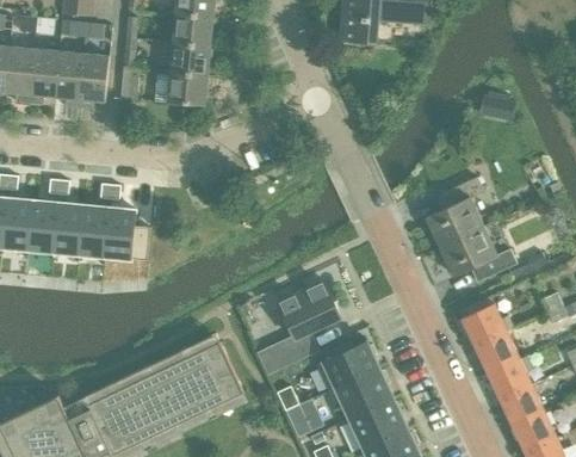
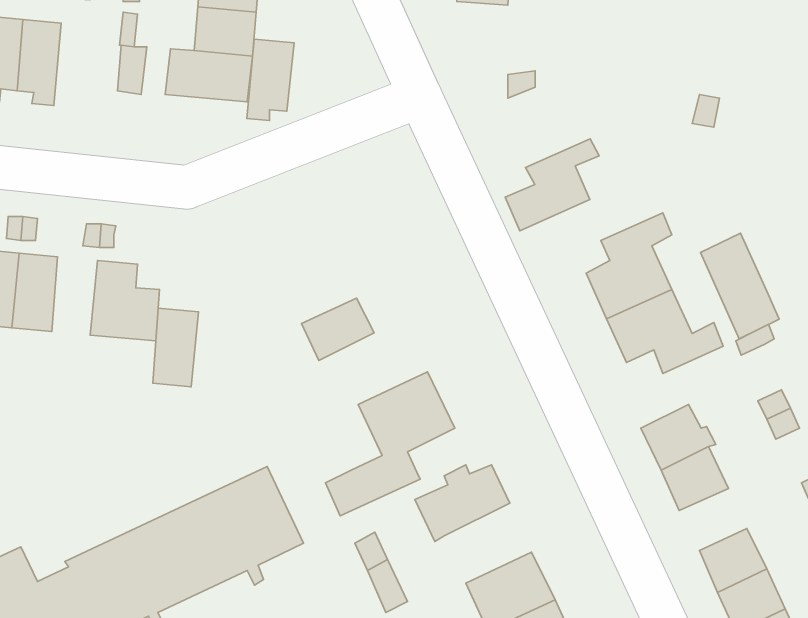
building: [79,53,110,107] -> none
building: none -> [247,39,294,121]
building: none -> [505,139,599,231]
building: none -> [701,233,779,339]
building: [78,205,107,257] -> [153,308,198,387]
building: none -> [301,298,374,360]
building: [488,357,532,397] -> none
building: [334,366,391,419] -> none

